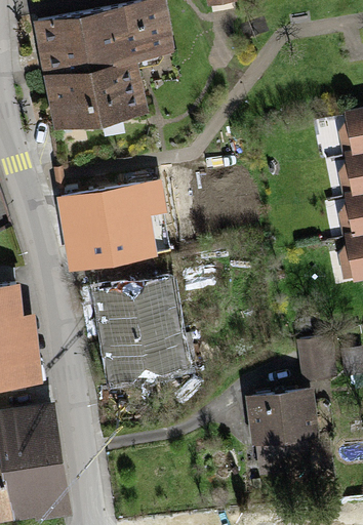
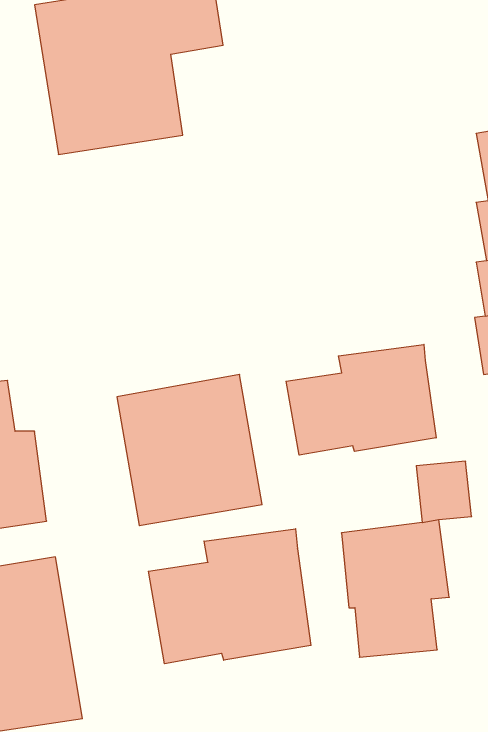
building: [57,180,167,272] -> none
building: none -> [286,344,436,455]
building: none -> [148,529,311,664]

